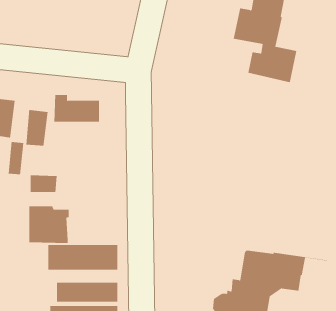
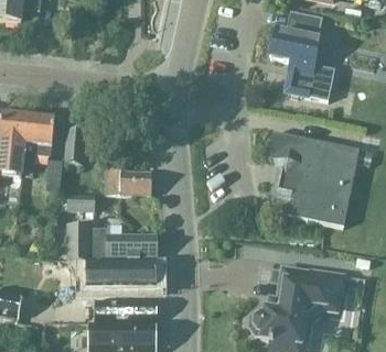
building: [53,95,100,122] -> [106,166,152,194]
building: none -> [268,131,360,227]
building: none -> [106,234,157,257]

